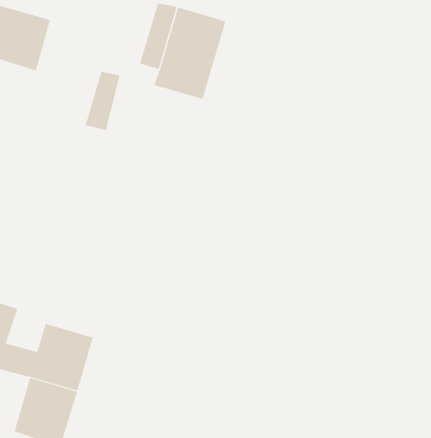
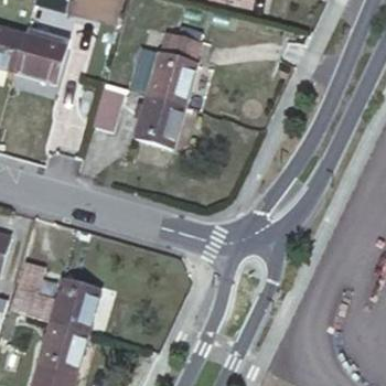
building: none -> [133,94,184,147]

